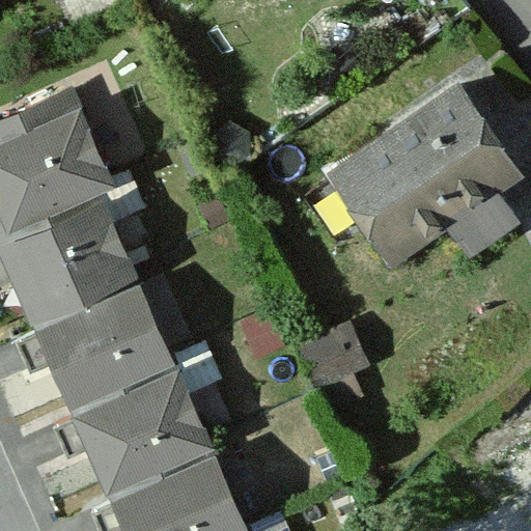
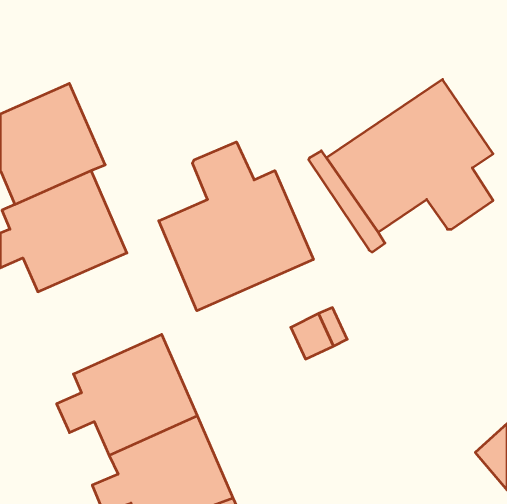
building: none -> [159,142,313,311]
building: [21,268,169,394] -> none

